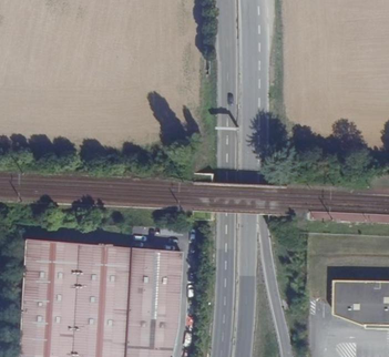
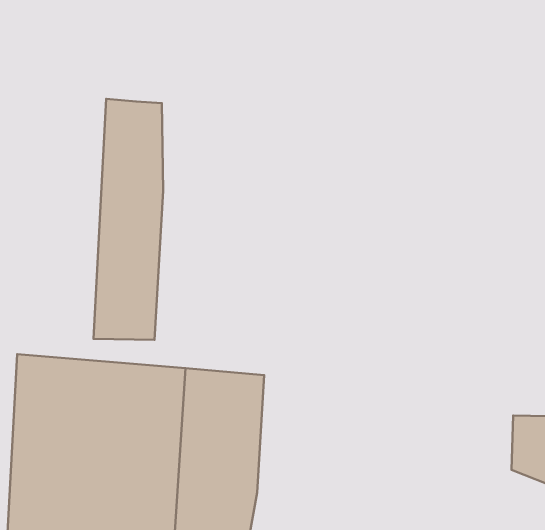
building: none -> [93,99,163,340]

